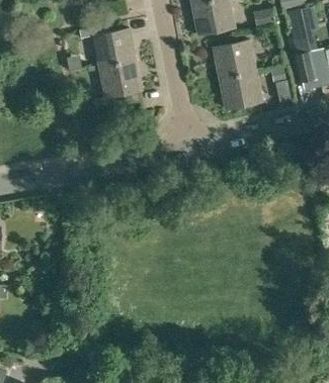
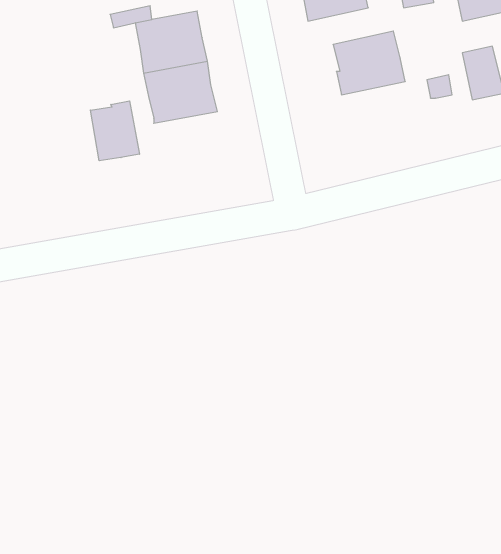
building: [219,73,263,110] -> none
building: none -> [90,101,139,161]

